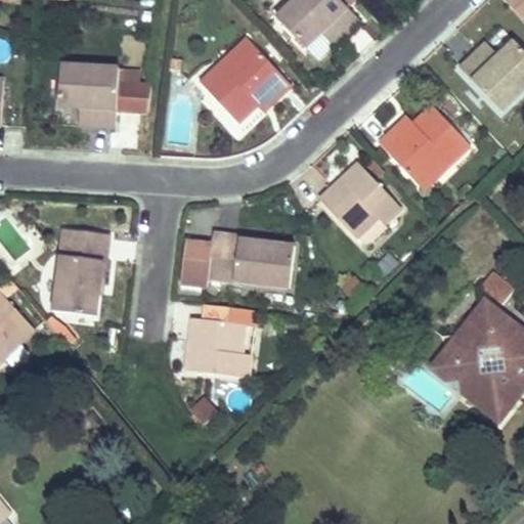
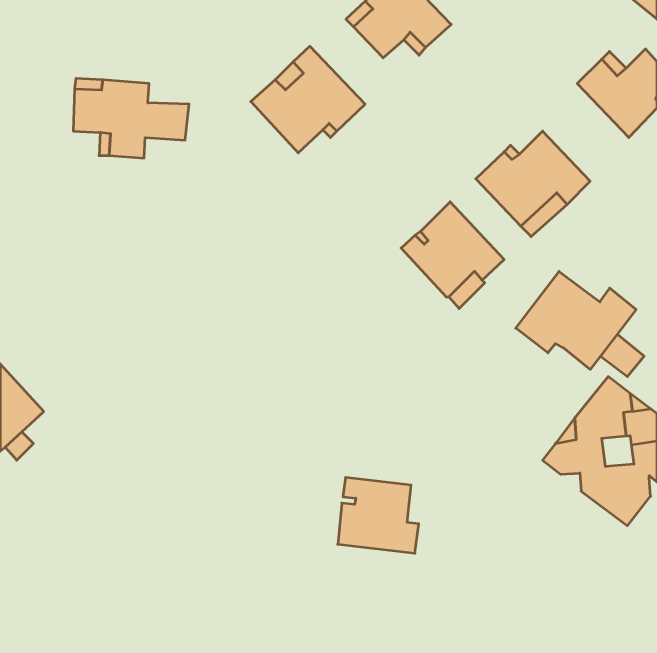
building: none -> [516,271,636,369]
building: [53,227,110,314] -> none
building: [180,231,295,287] -> none
building: [186,316,251,377] -> [338,477,419,553]

